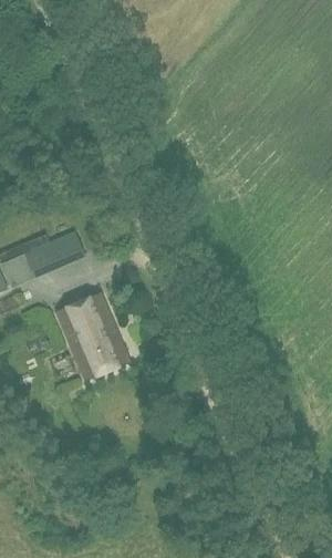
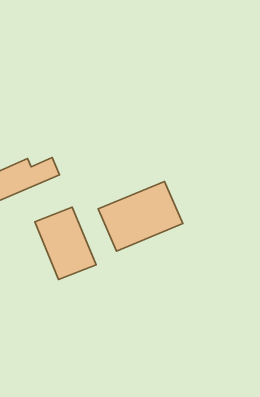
building: none -> [98,182,183,251]

